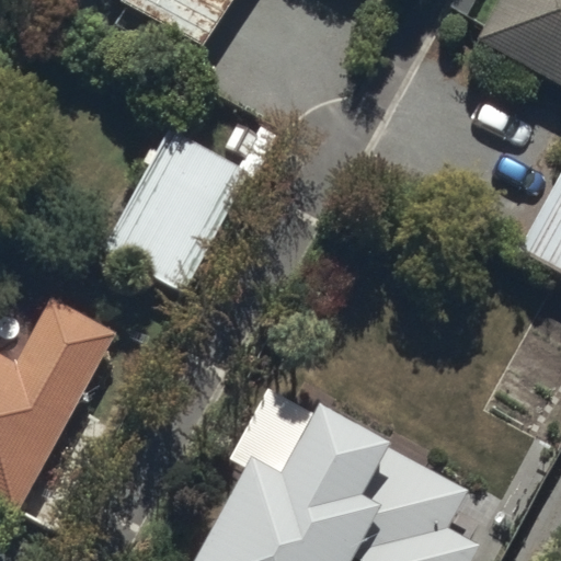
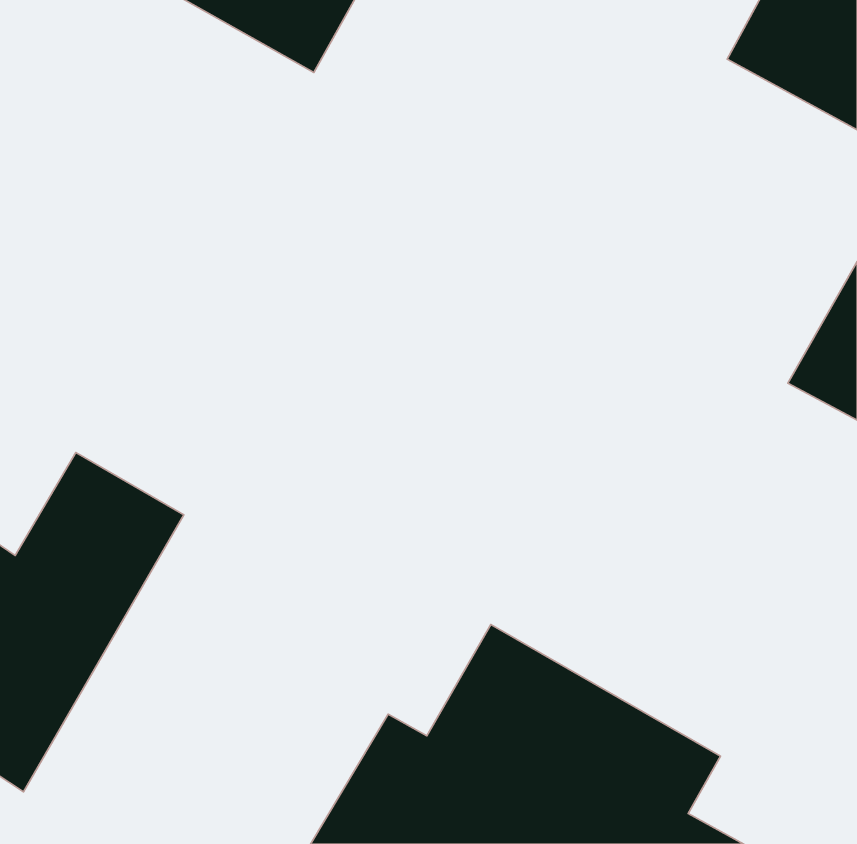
building: [105,130,249,291] -> none

